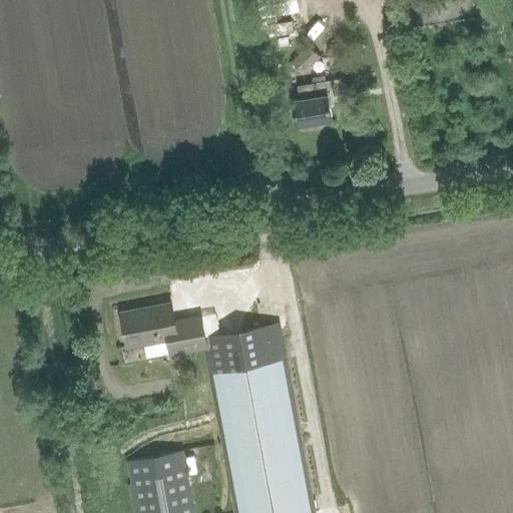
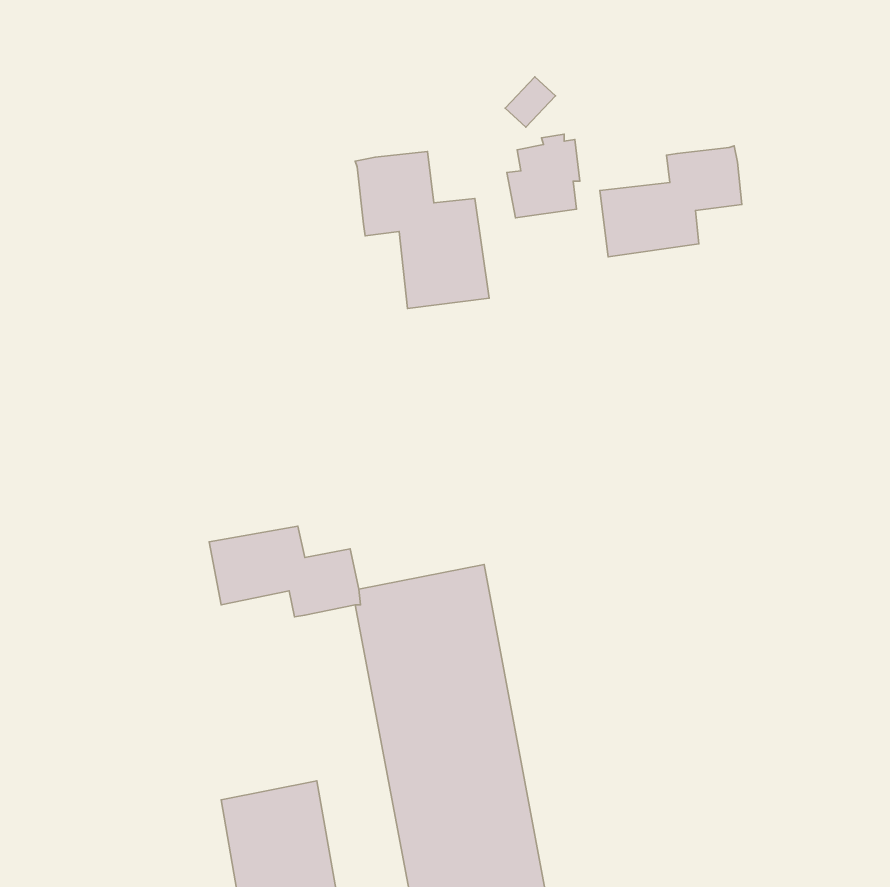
building: none -> [600,146,742,257]
building: none -> [355,152,489,309]

